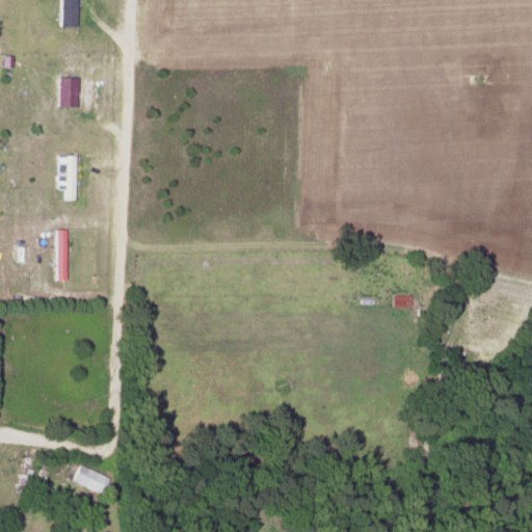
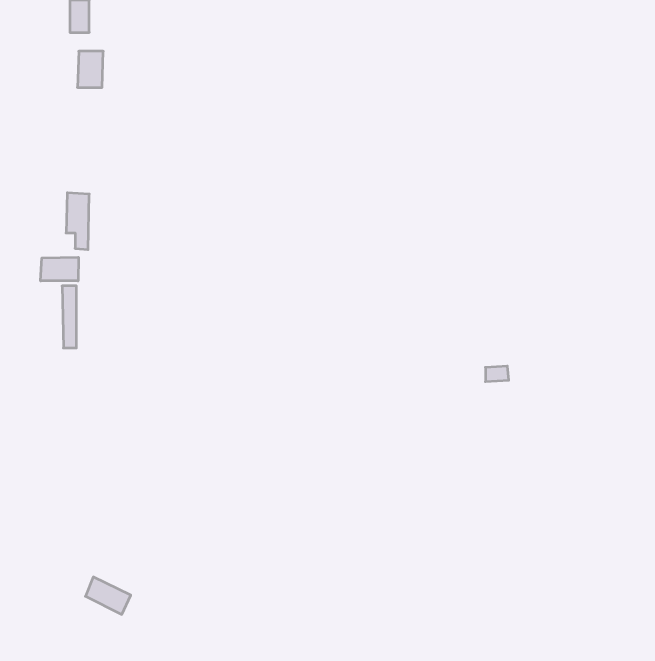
building: [58,77,79,106] -> [77,51,103,87]
building: none -> [41,257,78,281]

